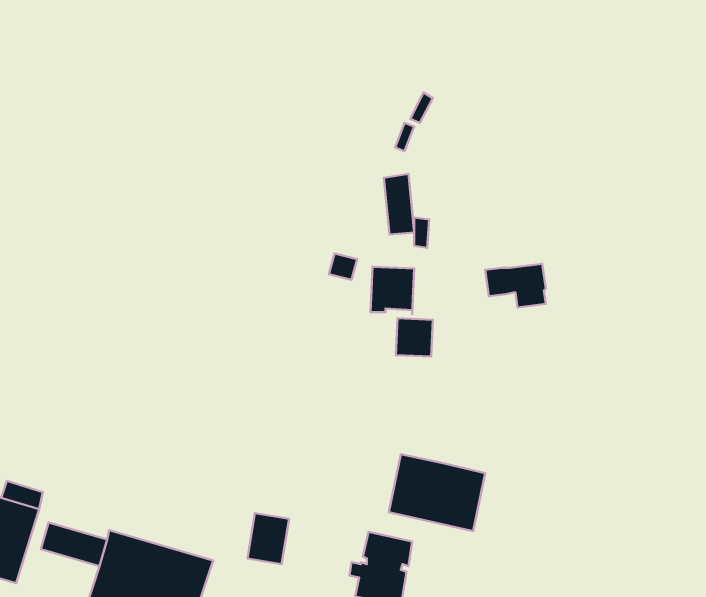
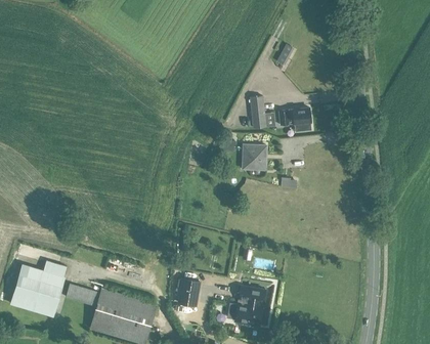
building: [485,264,546,308] -> [278,109,311,132]
building: [396,318,433,357] -> none
building: [389,454,485,531] -> none

